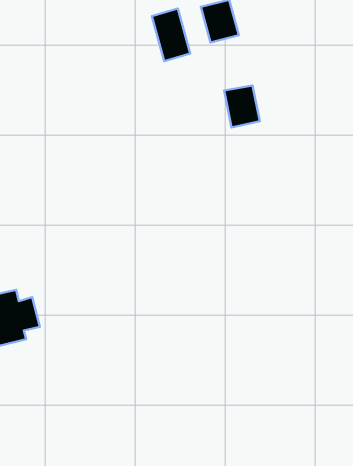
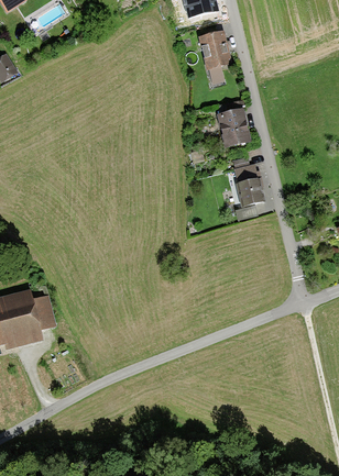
building: [152,9,190,61] -> none
building: none -> [233,164,265,206]

